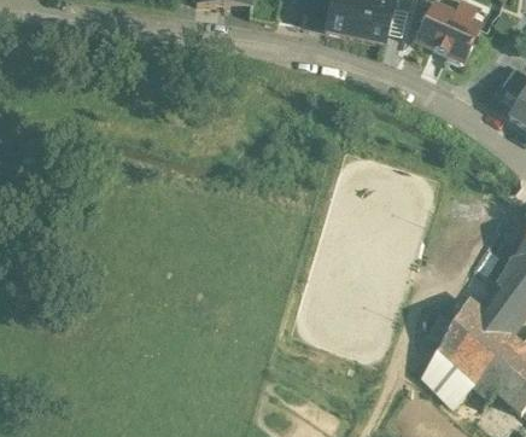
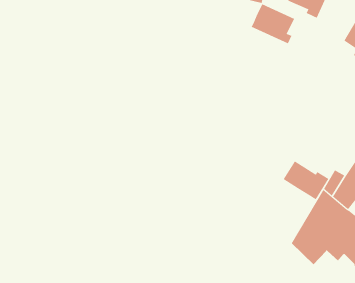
building: none -> [251,4,295,44]
building: none -> [283,160,329,200]

